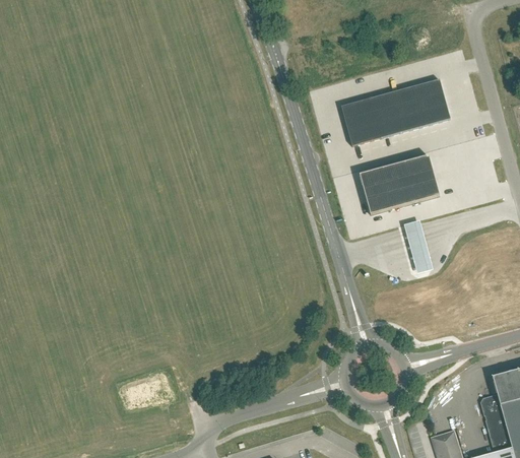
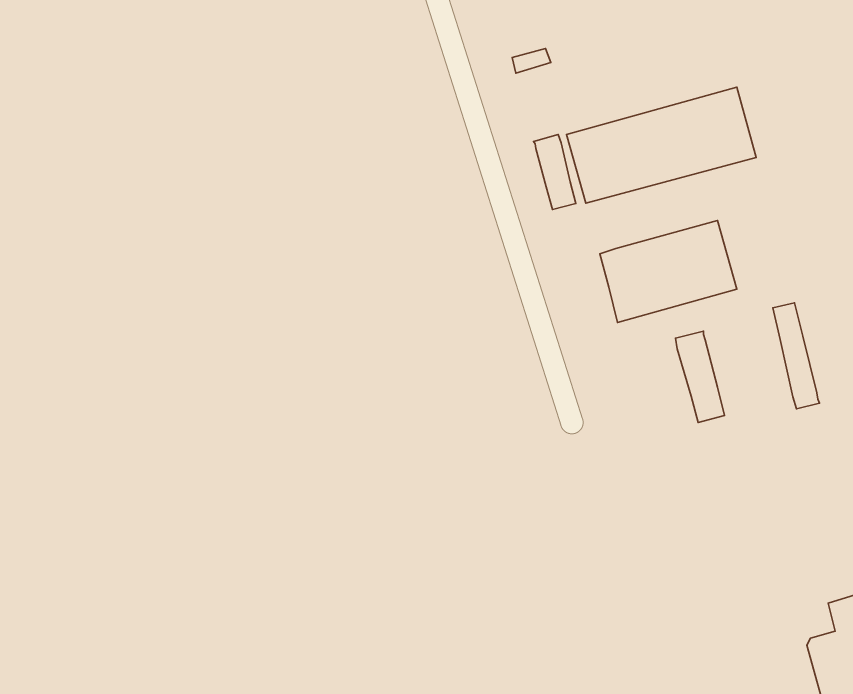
building: none -> [534,135,576,209]
building: none -> [773,303,820,409]

